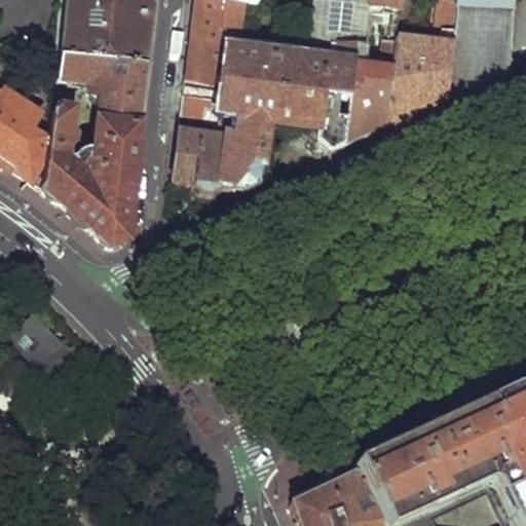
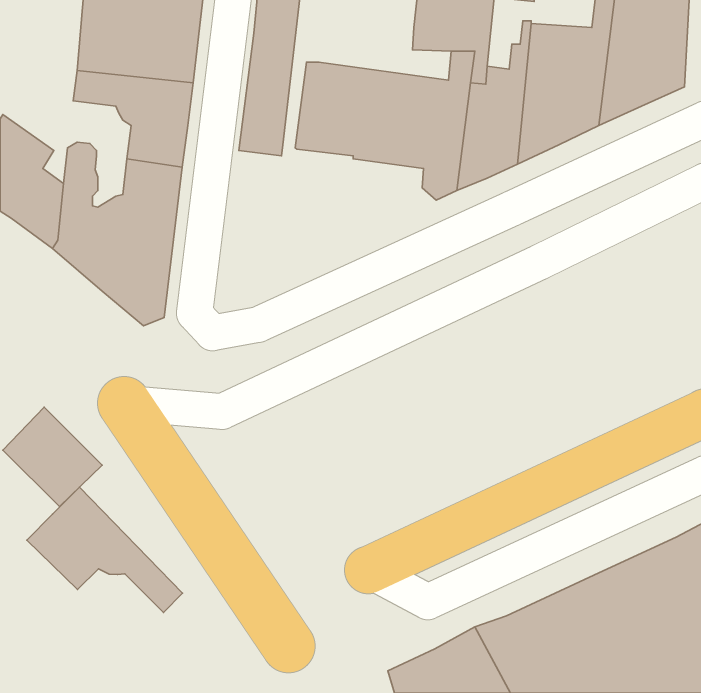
building: [173,108,266,190] -> none
building: none -> [27,487,182,613]

